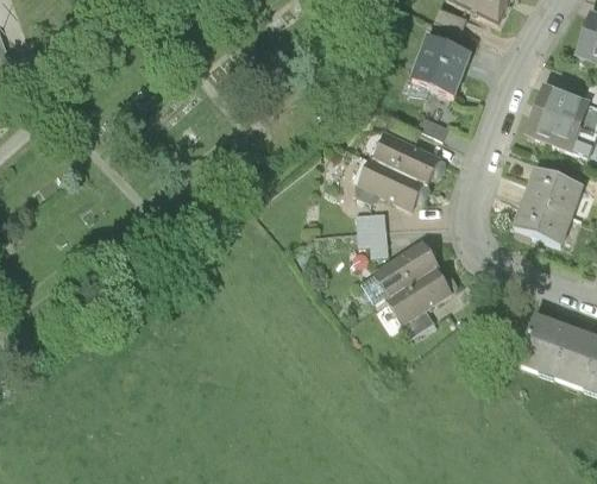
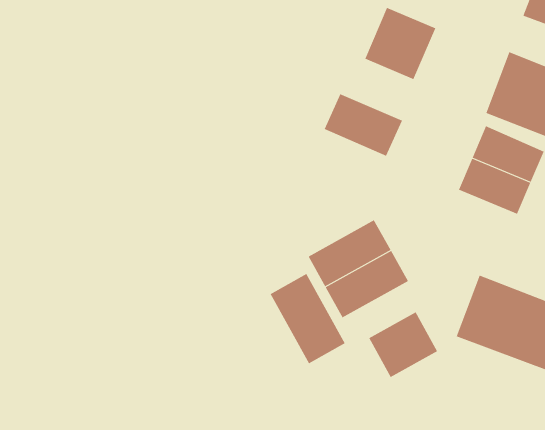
building: [359,157,435,218] -> none
building: [356,213,389,259] -> none
building: none -> [270,273,345,364]
building: none -> [368,311,438,378]

